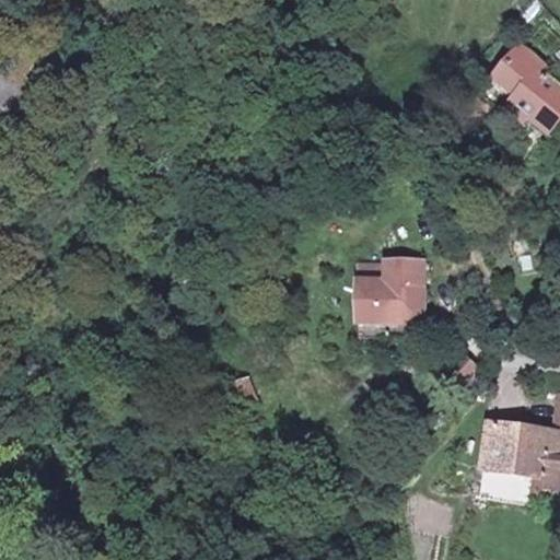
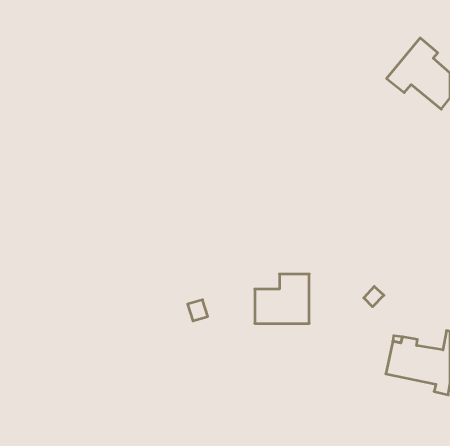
building: [355,255,423,316] -> [255,274,309,323]

